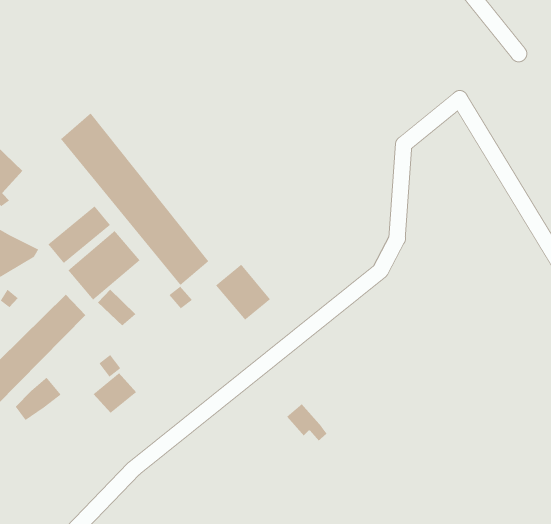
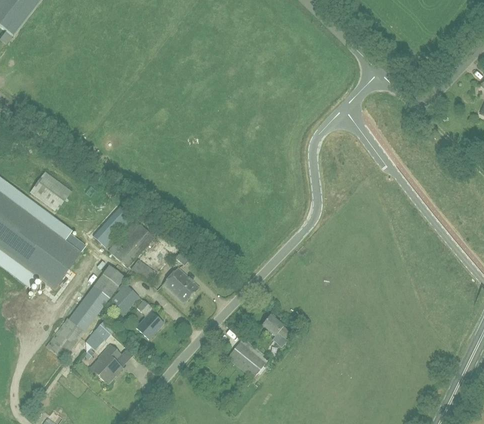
building: [60,112,209,286] -> none
building: [215,264,271,321] -> [162,267,199,303]
building: none -> [109,284,139,313]
building: none -> [94,345,122,383]
building: none -> [226,339,267,378]

